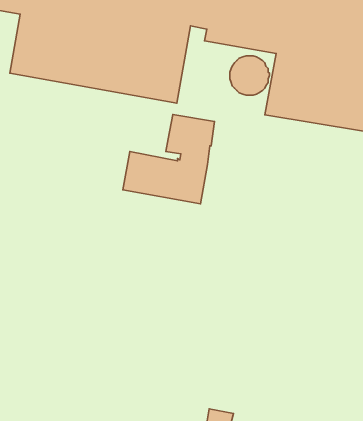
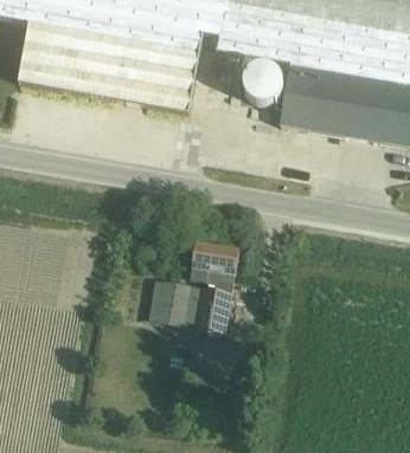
building: [123,115,214,204] -> [145,240,238,331]

